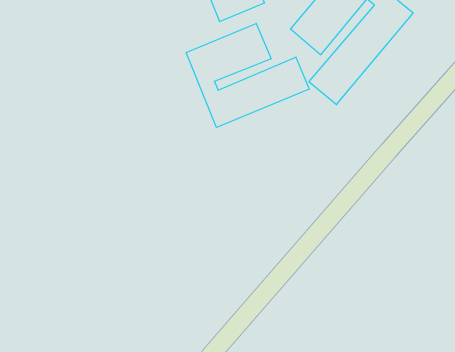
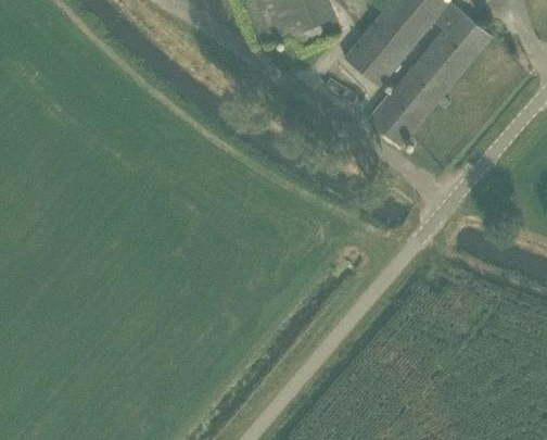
building: [186,23,309,127] -> none

